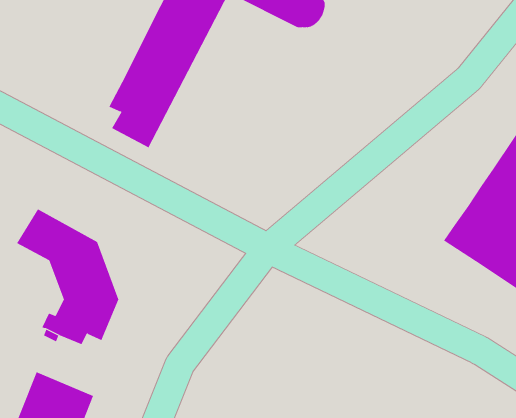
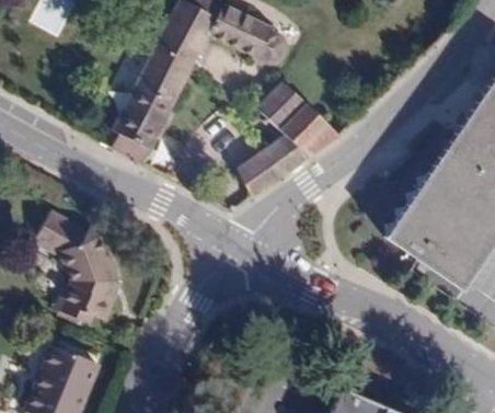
building: none -> [239,82,341,196]

